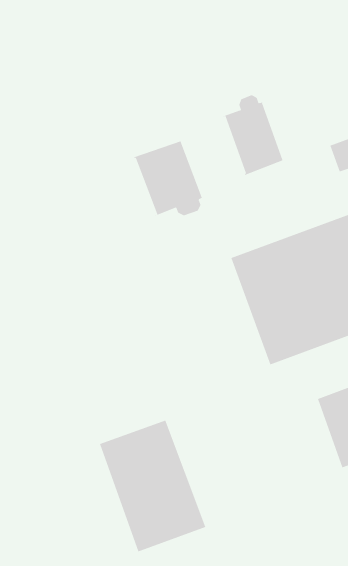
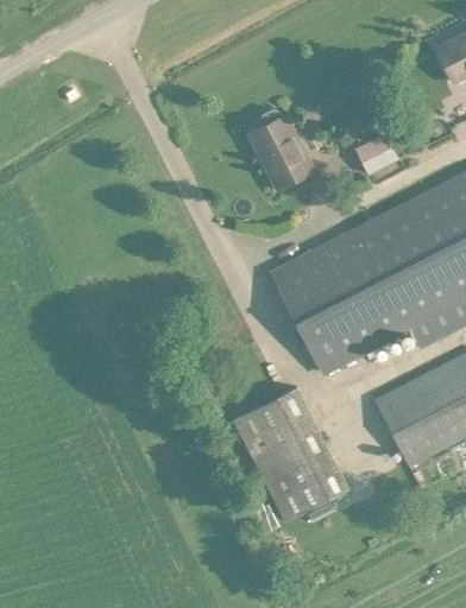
building: [133,140,204,216] -> none
building: [99,420,206,552] -> [232,388,348,522]

